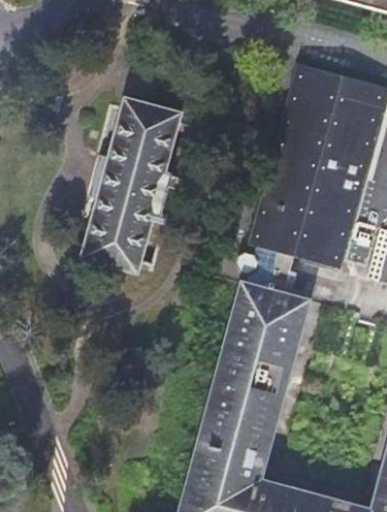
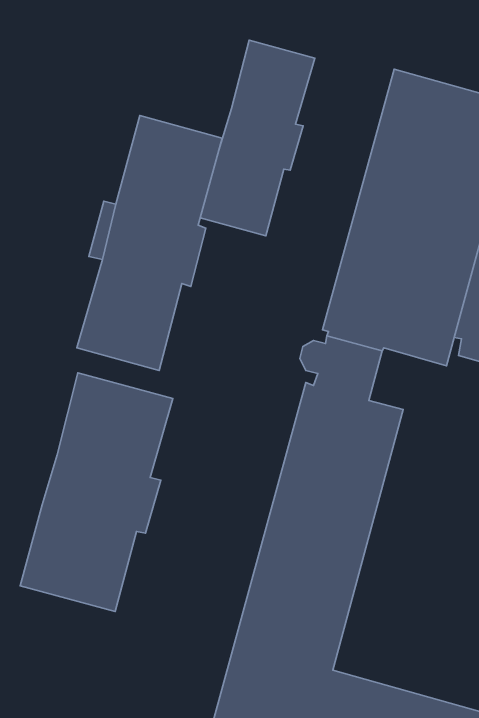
building: none -> [200,40,315,236]
building: none -> [20,373,173,611]

